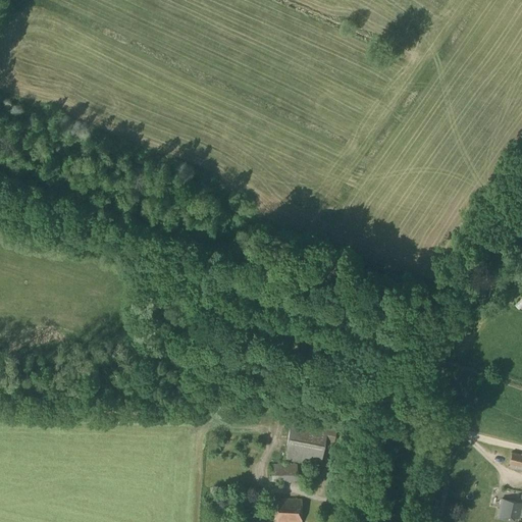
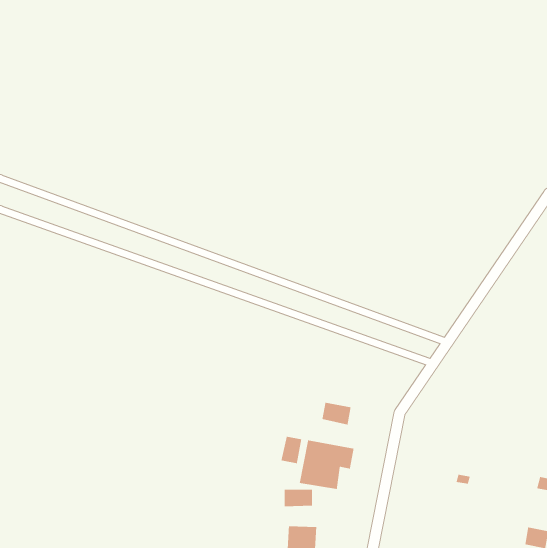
building: none -> [322,402,351,425]
building: none -> [281,436,302,464]

